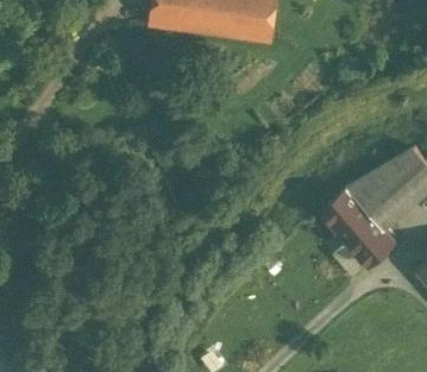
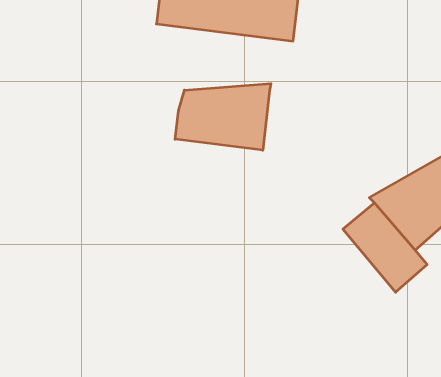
building: none -> [175,84,271,150]

